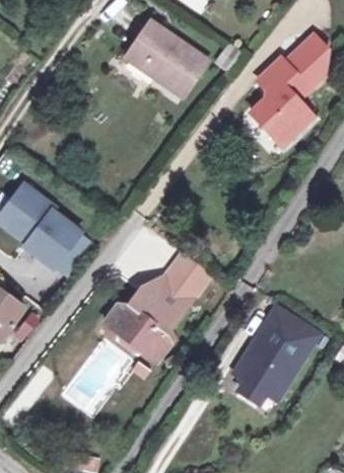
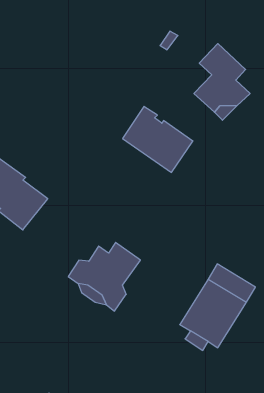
building: [122,17,202,92] -> [123,106,193,172]
building: [281,31,323,86] -> none
building: [160,250,213,303] -> none

